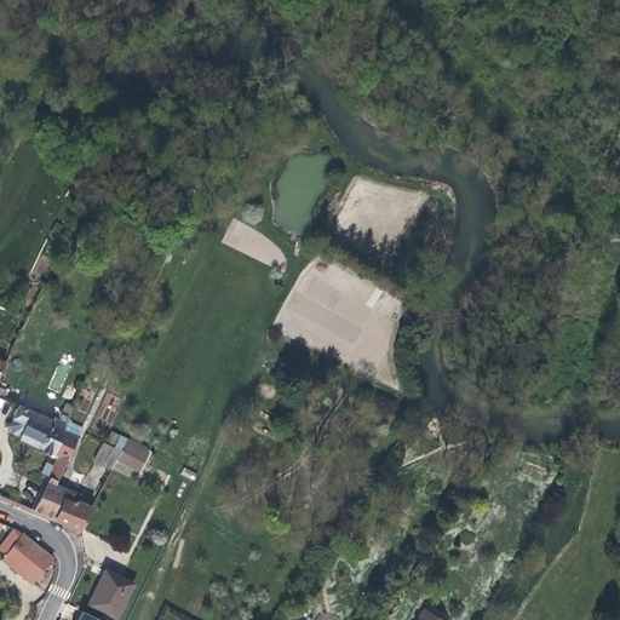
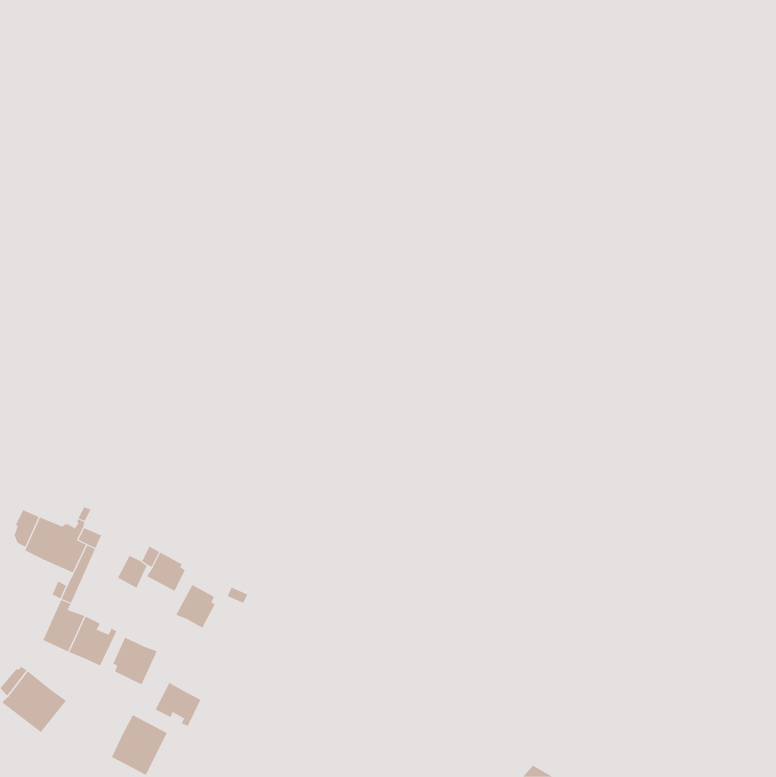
building: none -> [176,584,215,628]
building: none -> [113,637,158,685]
building: none -> [155,682,201,727]

